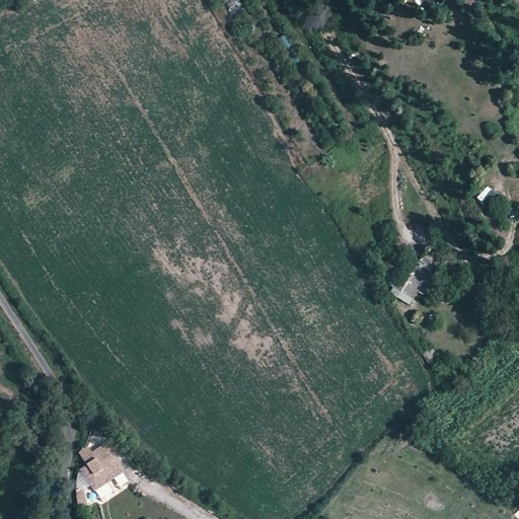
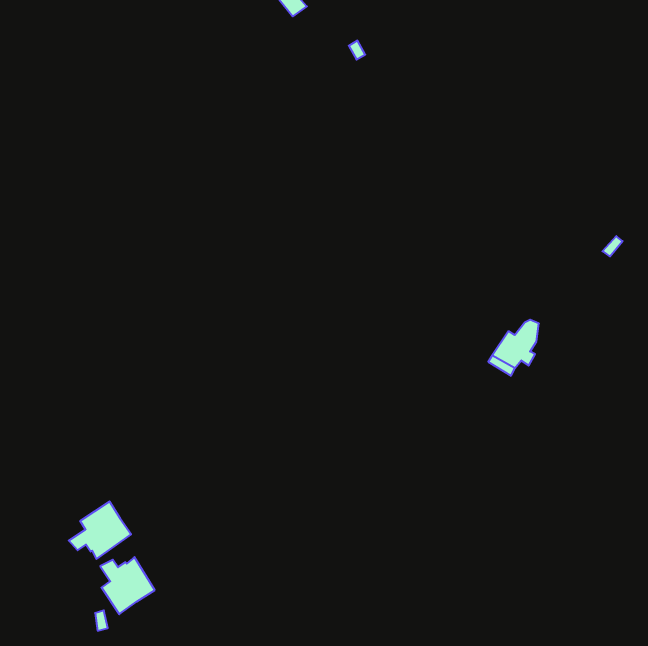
building: none -> [69,501,131,559]

